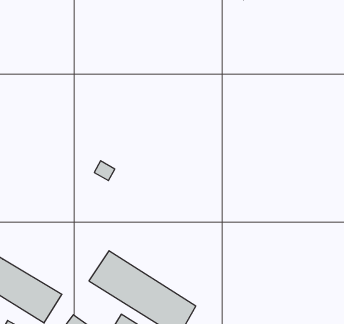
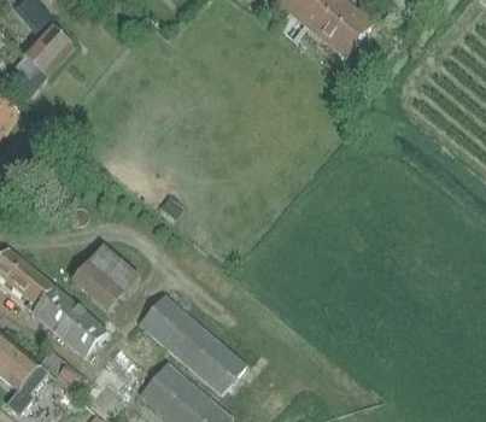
building: none -> [70,244,139,311]

